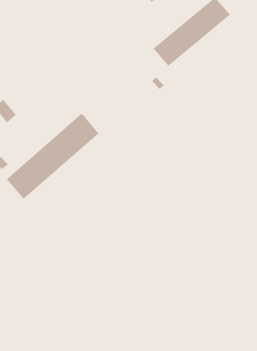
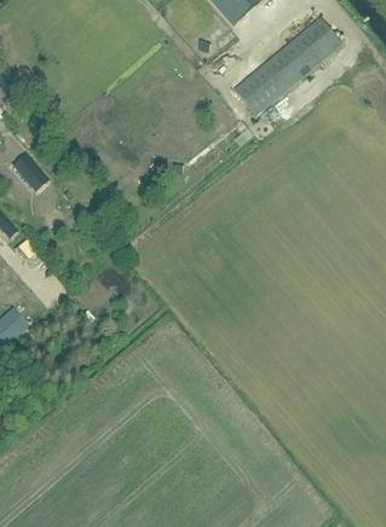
building: [6,113,99,200] -> none

